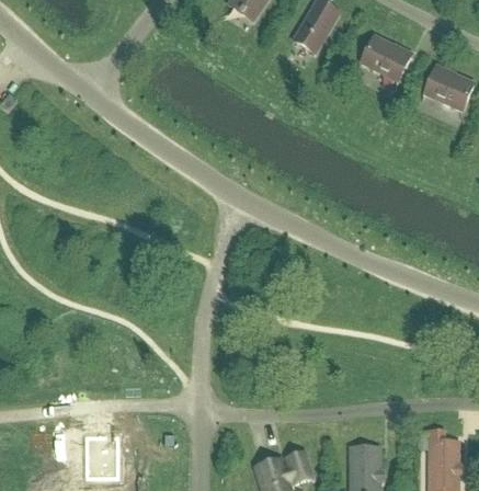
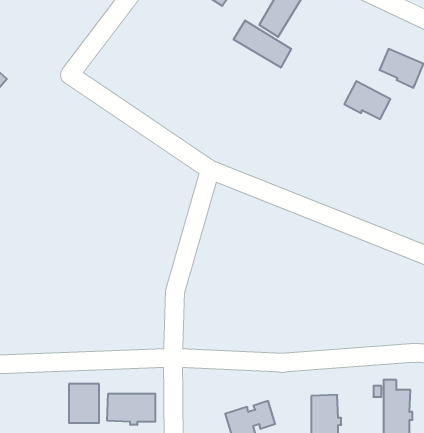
building: none -> [234,20,291,68]
building: [361,35,411,77] -> [344,81,390,119]
building: none -> [107,394,155,425]

